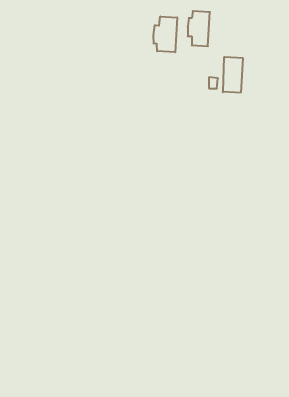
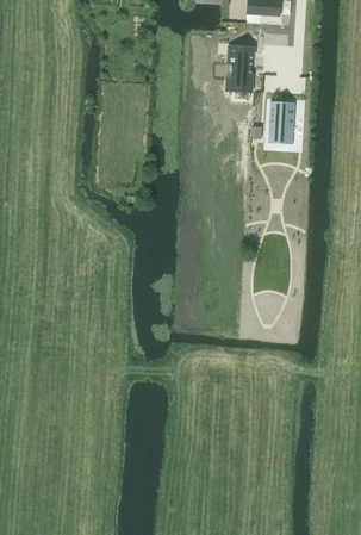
building: [154,16,177,52] -> none

